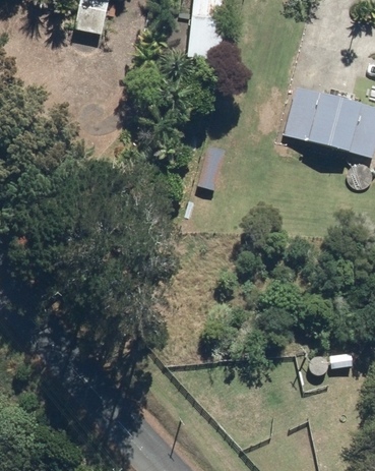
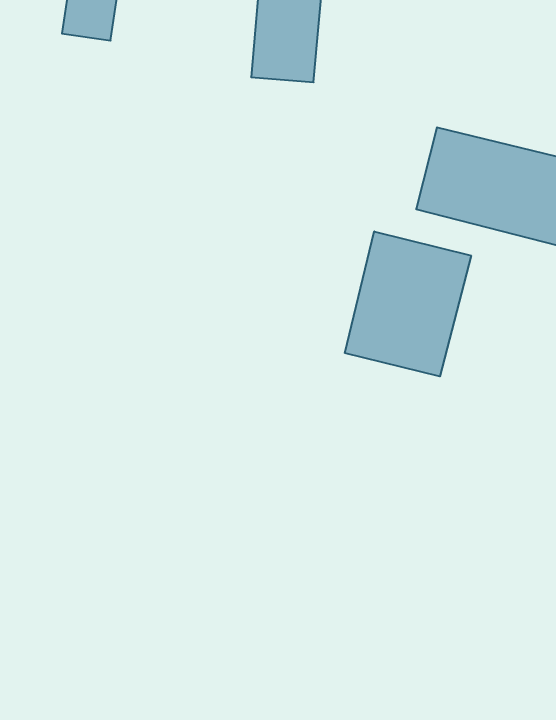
building: none -> [345,231,471,376]

